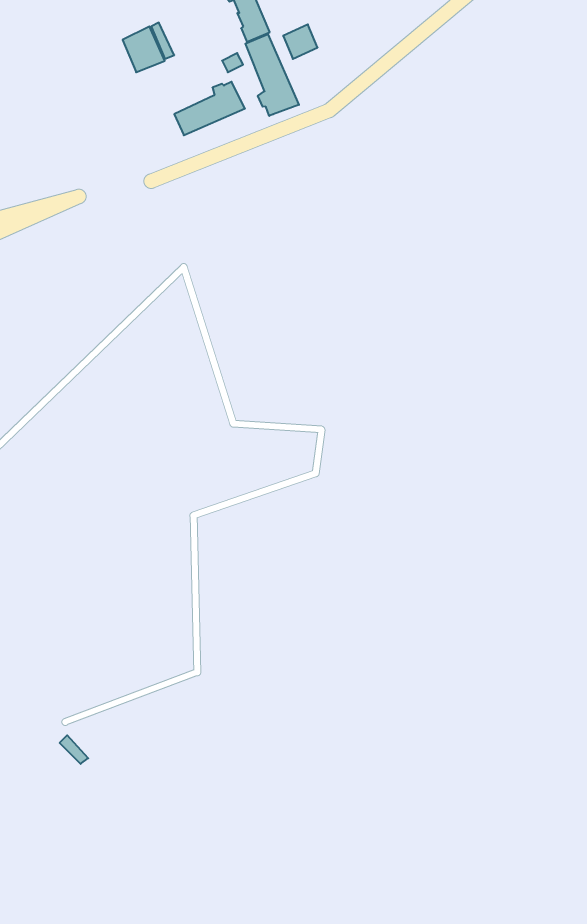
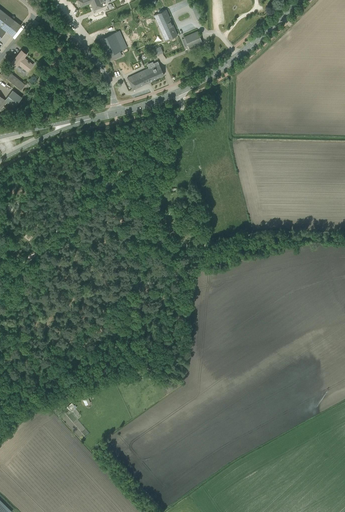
building: [245,34,299,116] -> none

